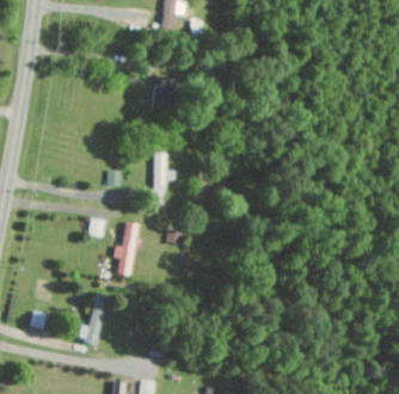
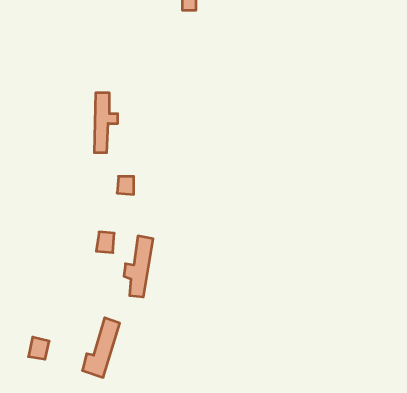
building: [154,153,174,204] -> [94,93,118,153]

